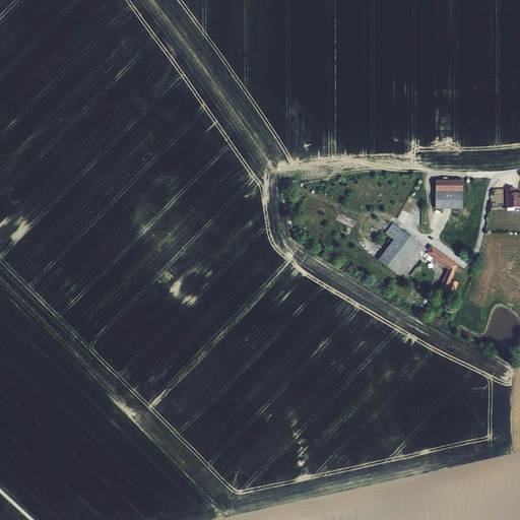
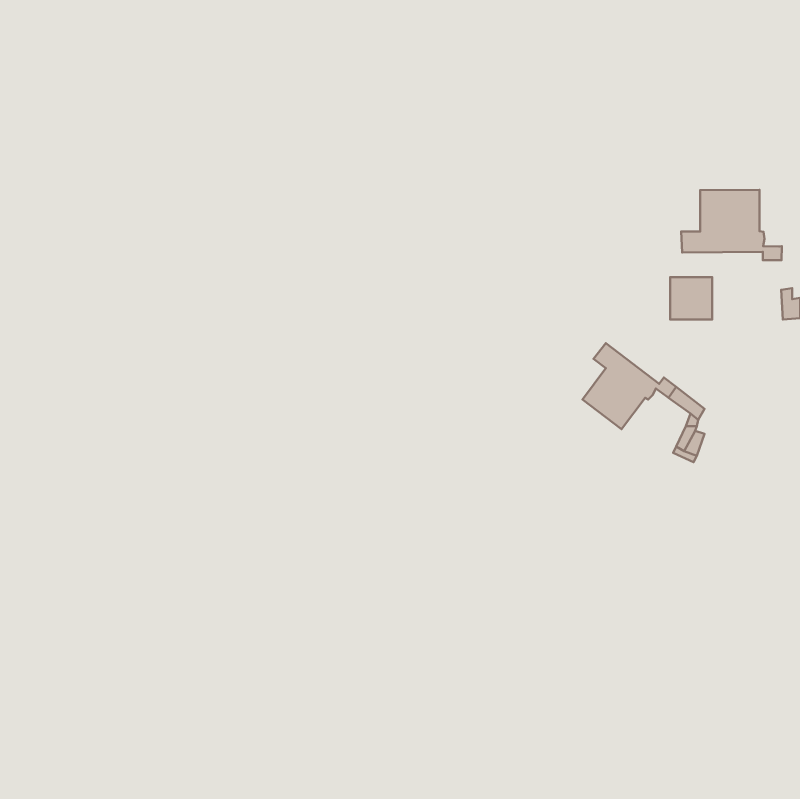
building: none -> [681,190,782,260]

